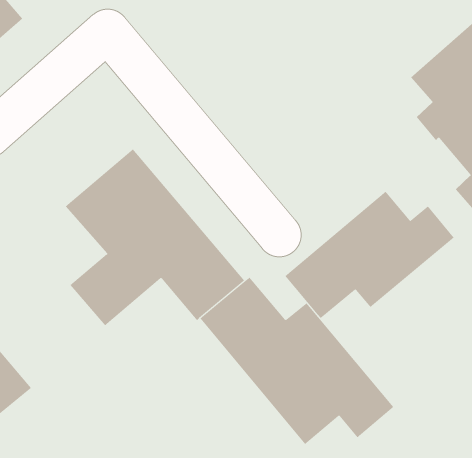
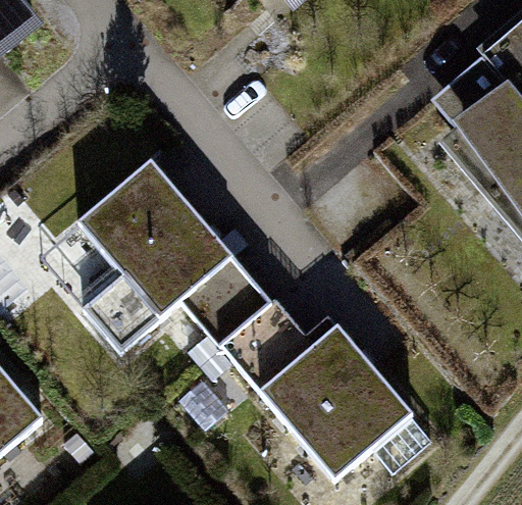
building: [284,191,454,319] -> none

